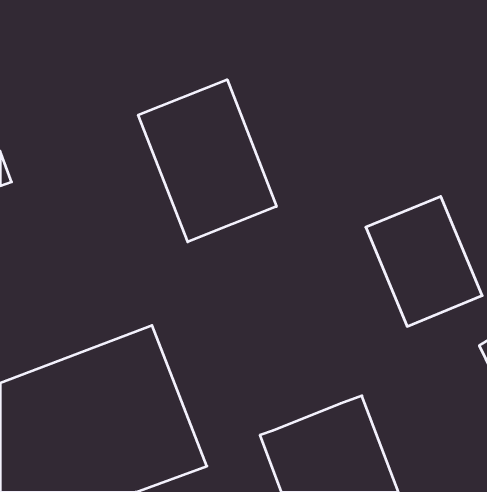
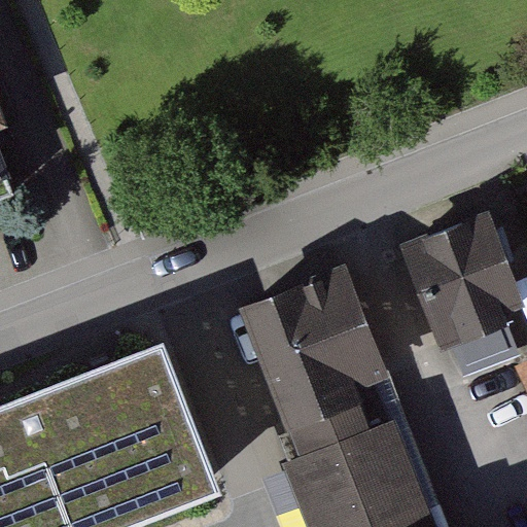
building: [138,80,276,242] -> none
building: none -> [240,270,387,460]

